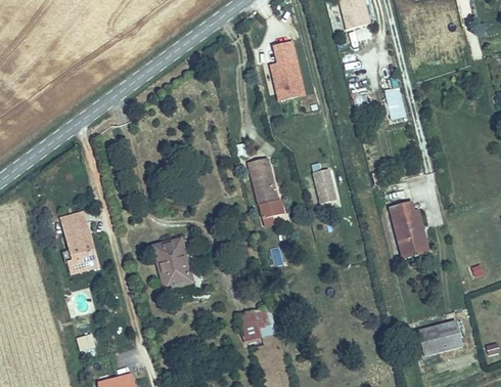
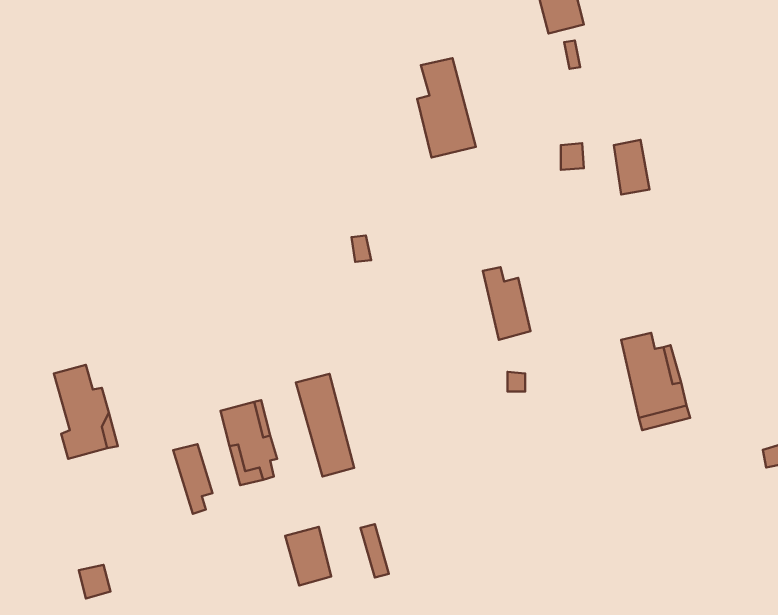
building: [248,157,282,216] -> [296,374,354,477]
building: none -> [173,444,213,514]
building: [246,306,273,340] -> [285,527,331,585]
building: [418,319,460,354] -> none

